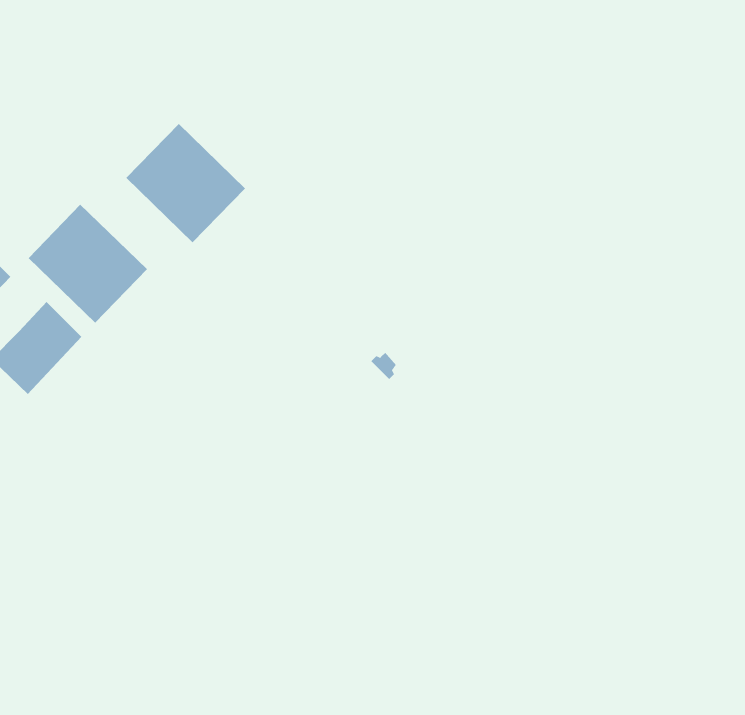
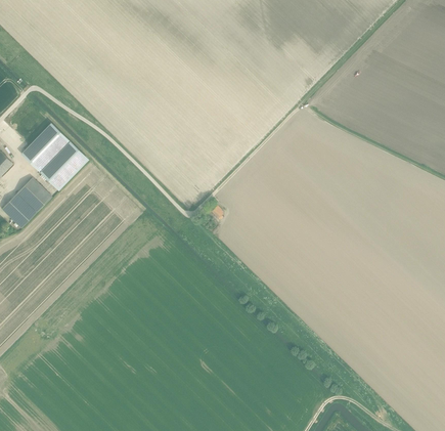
building: [126,123,246,243] -> none

